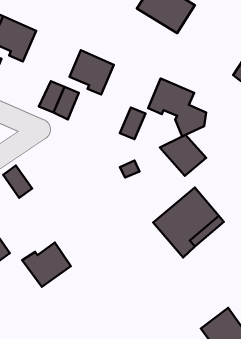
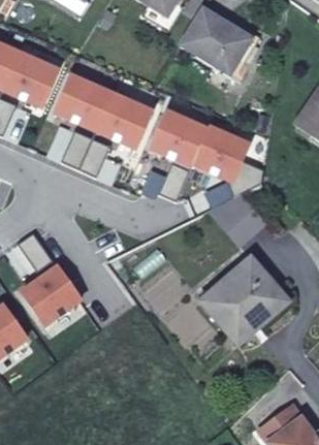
building: none -> [56,74,111,124]
building: none -> [152,110,208,160]
building: [22,242,71,287] -> [22,271,81,324]

